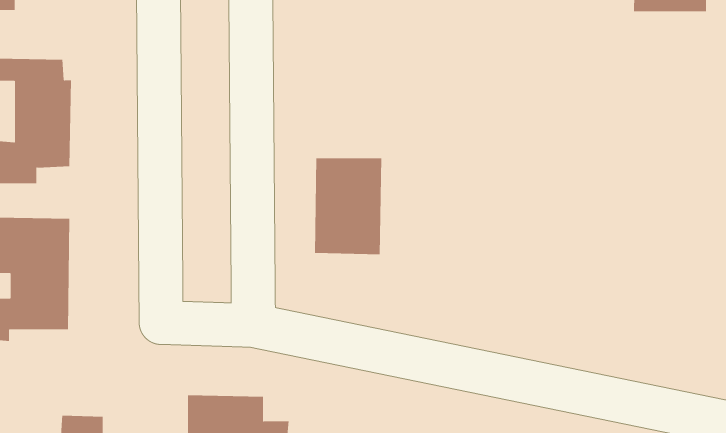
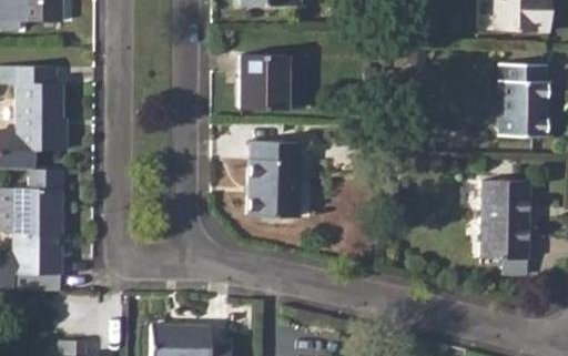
building: none -> [240,55,288,109]
building: none -> [500,64,550,136]
building: none -> [483,180,529,260]

